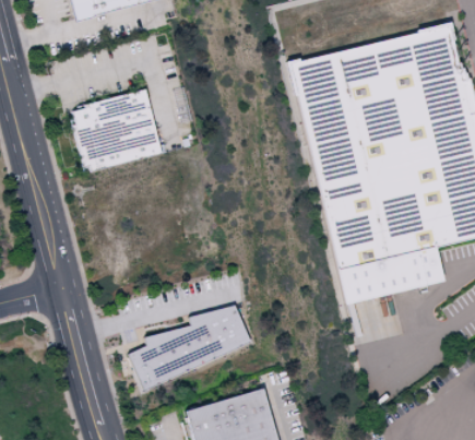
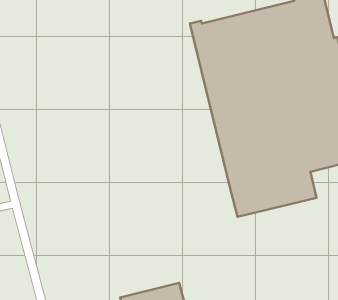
building: [73,90,163,169] -> none
building: [131,302,253,387] -> none

